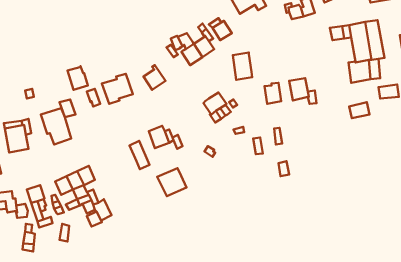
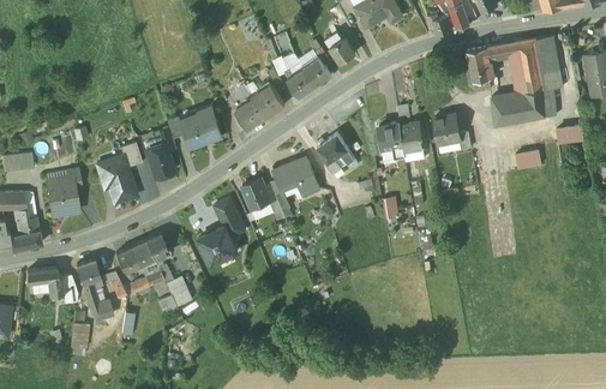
building: none -> [466,46,492,80]
building: [233,53,252,80] -> [378,122,404,160]
building: none -> [251,83,284,118]
building: none -> [492,92,517,124]
building: [67,66,88,90] -> [146,145,174,178]
building: none -> [274,158,319,195]
building: [157,168,186,196] -> [198,227,238,265]

